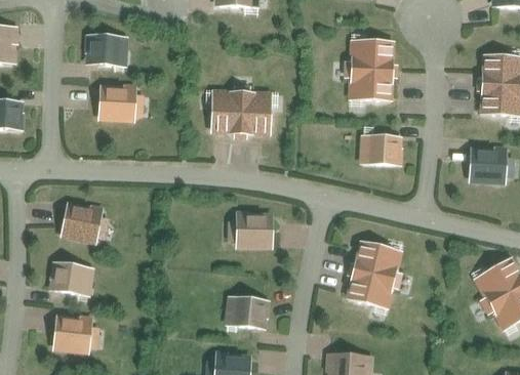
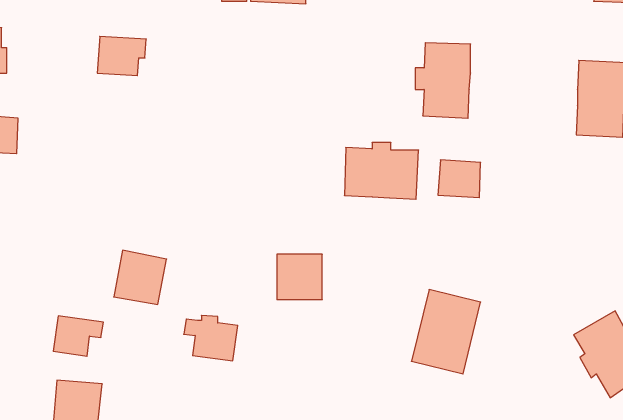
building: [98,84,136,121] -> none
building: [211,89,272,135] -> [344,143,419,199]
building: [469,145,508,184] -> none
building: [61,200,104,244] -> [114,250,167,304]
building: [226,291,270,328] -> [184,315,238,361]

